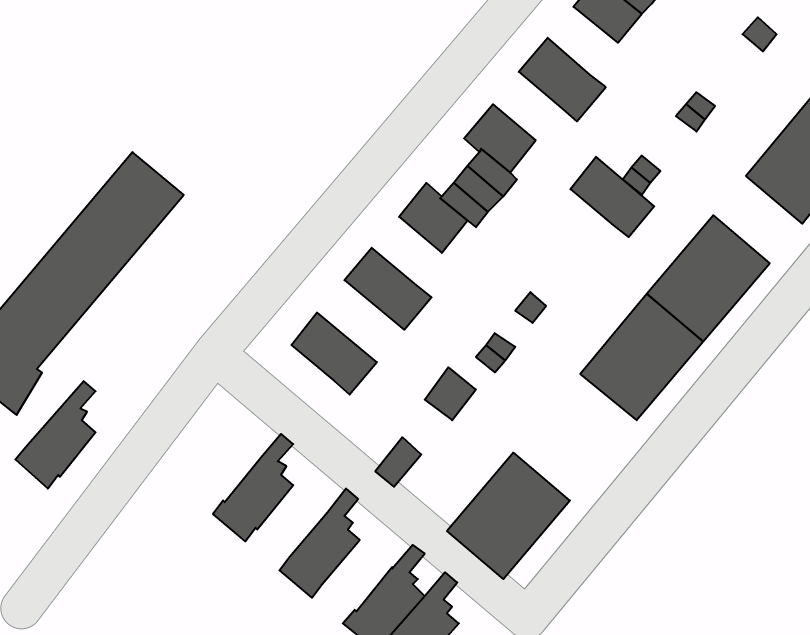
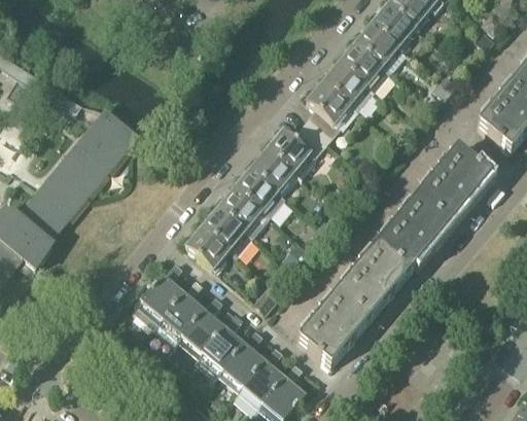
building: none -> [357,21,407,68]
building: [570,157,654,237] -> [324,60,375,108]
building: none -> [251,147,293,187]
building: none -> [218,185,271,235]
building: none -> [186,224,229,266]
building: none -> [337,242,411,318]
building: [15,381,96,489] -> [136,261,184,326]
building: none -> [182,294,224,352]
building: none -> [221,327,264,385]

